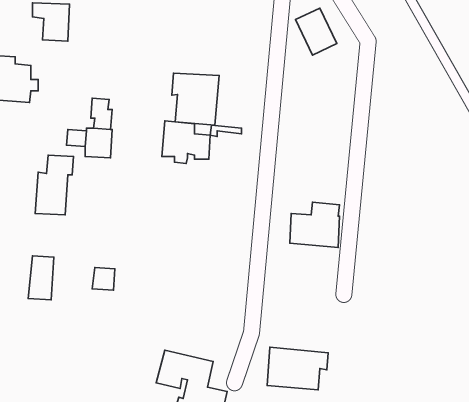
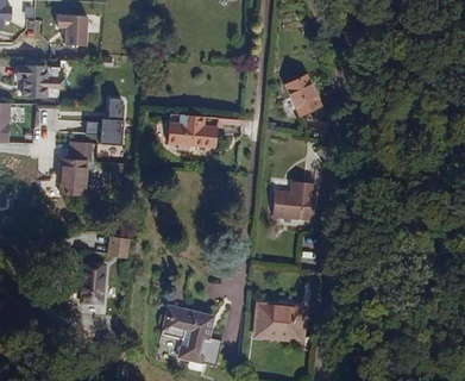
building: [296,8,337,55] -> [285,75,320,114]
building: [172,73,219,125] -> none
building: [28,256,54,300] -> [82,263,103,300]

